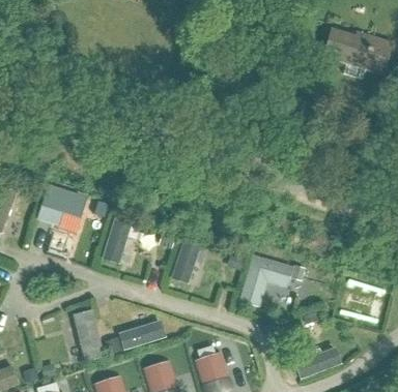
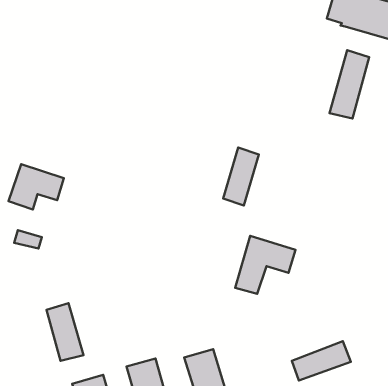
building: none -> [329,50,369,118]
building: [104,212,135,260] -> none
building: [171,231,203,282] -> [223,148,259,205]
building: [116,320,165,351] -> none

